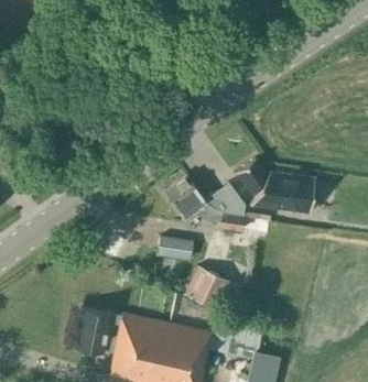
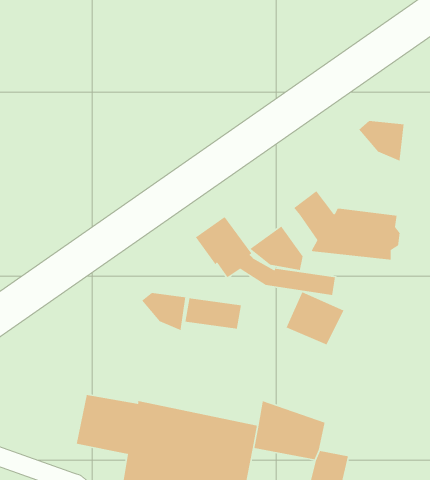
building: none -> [358,120,404,162]
building: none -> [141,292,186,331]
building: [185,268,229,308] -> [286,291,344,345]

